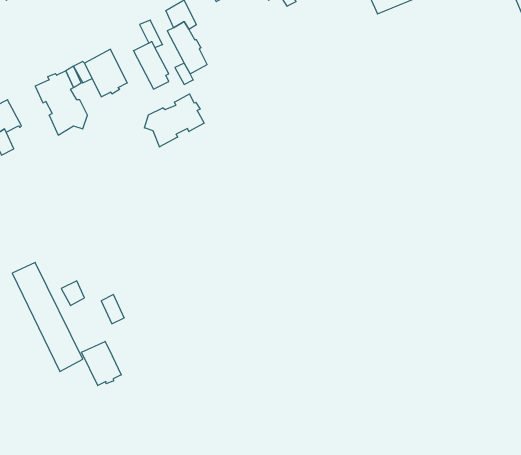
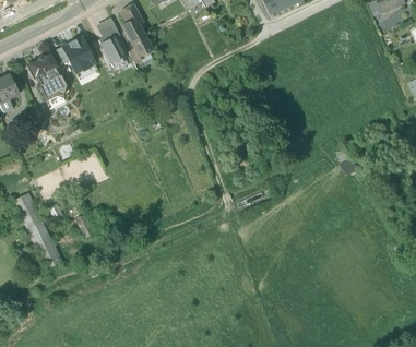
building: [144,94,204,147] -> none
building: [82,341,121,386] -> none

